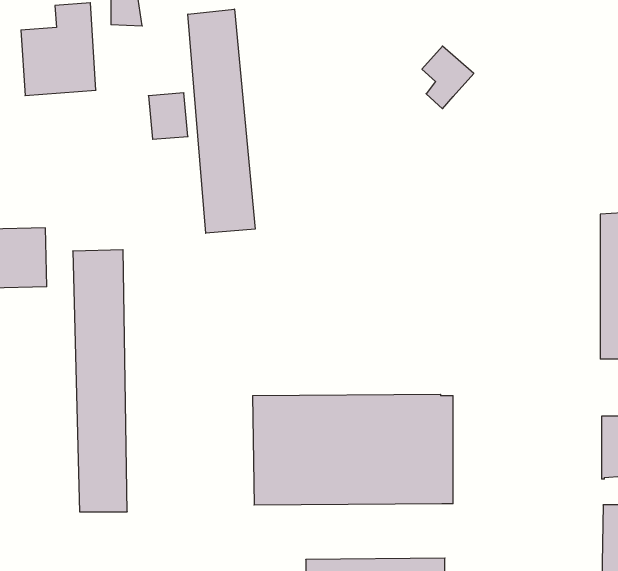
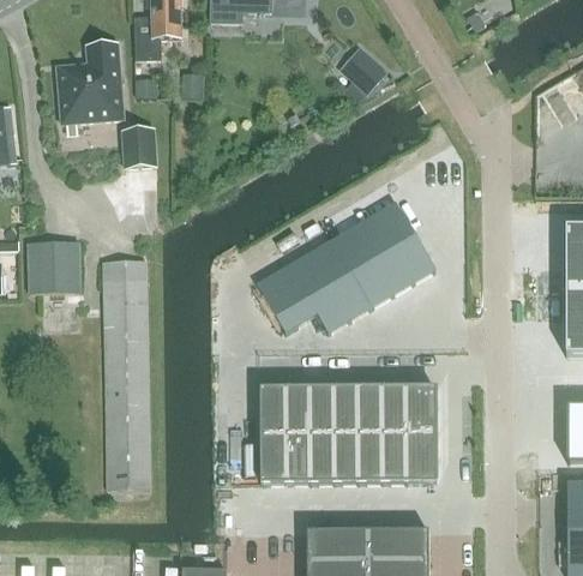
building: [188,9,255,233] -> none
building: [422,46,474,109] -> [341,47,386,102]
building: [148,93,188,139] -> [121,127,156,168]
building: none -> [258,200,438,332]

